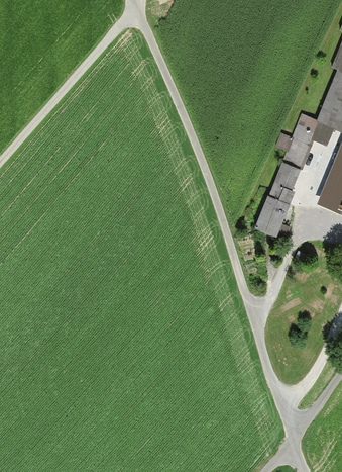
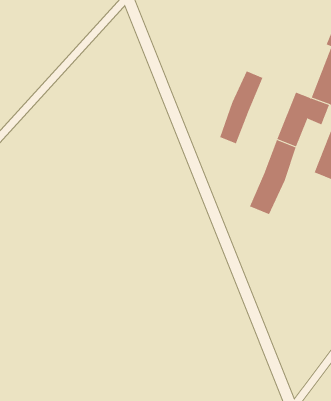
building: none -> [220,71,263,144]

